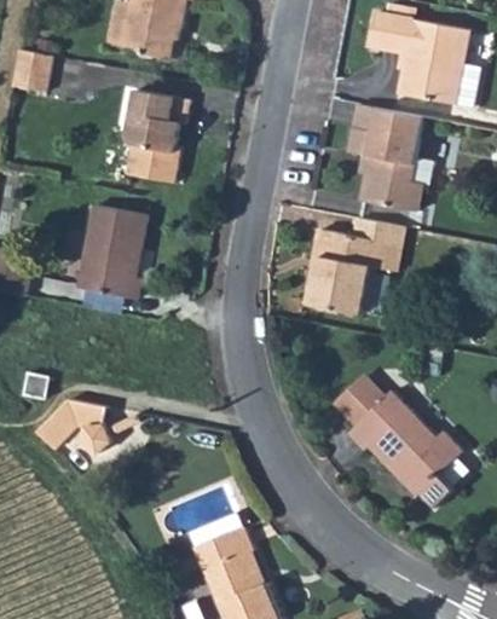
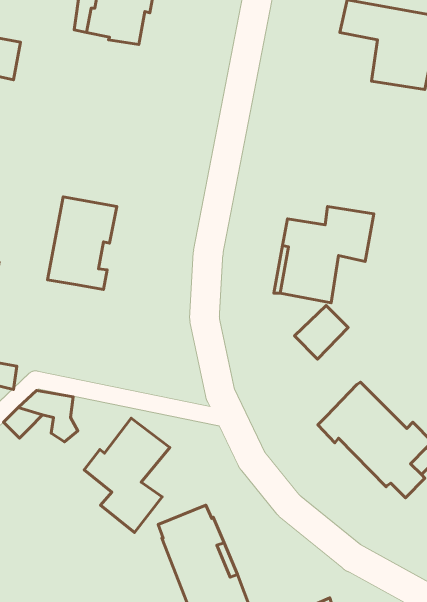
building: [123,88,187,181] -> none
building: [348,104,433,212] -> none
building: [333,372,386,426] -> [295,306,348,359]
building: none -> [84,418,170,533]

